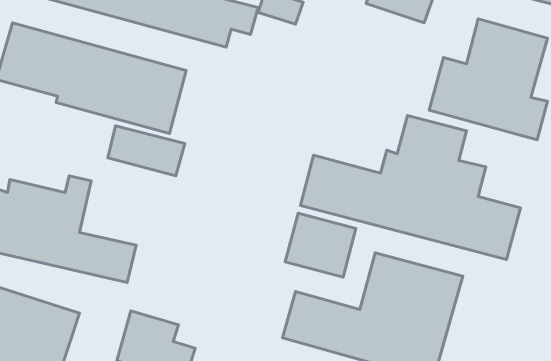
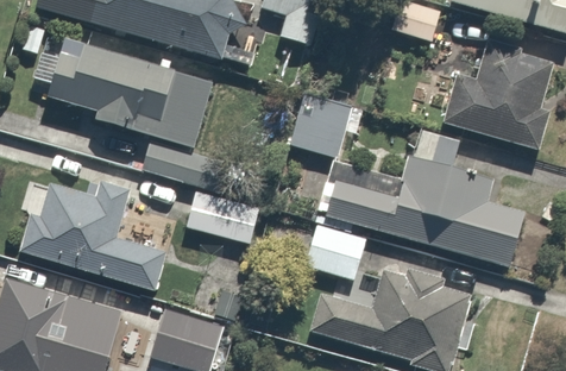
building: none -> [291,95,353,157]
building: none -> [184,194,263,241]

